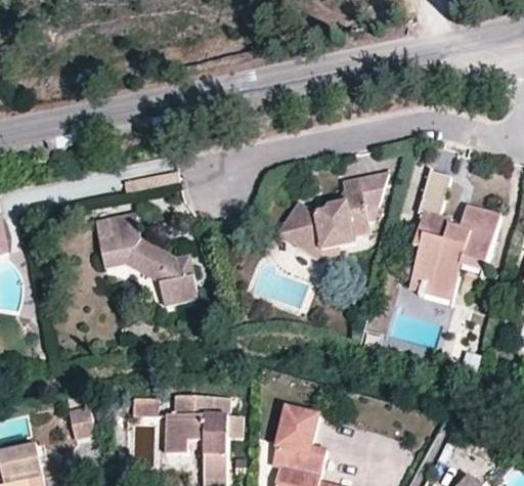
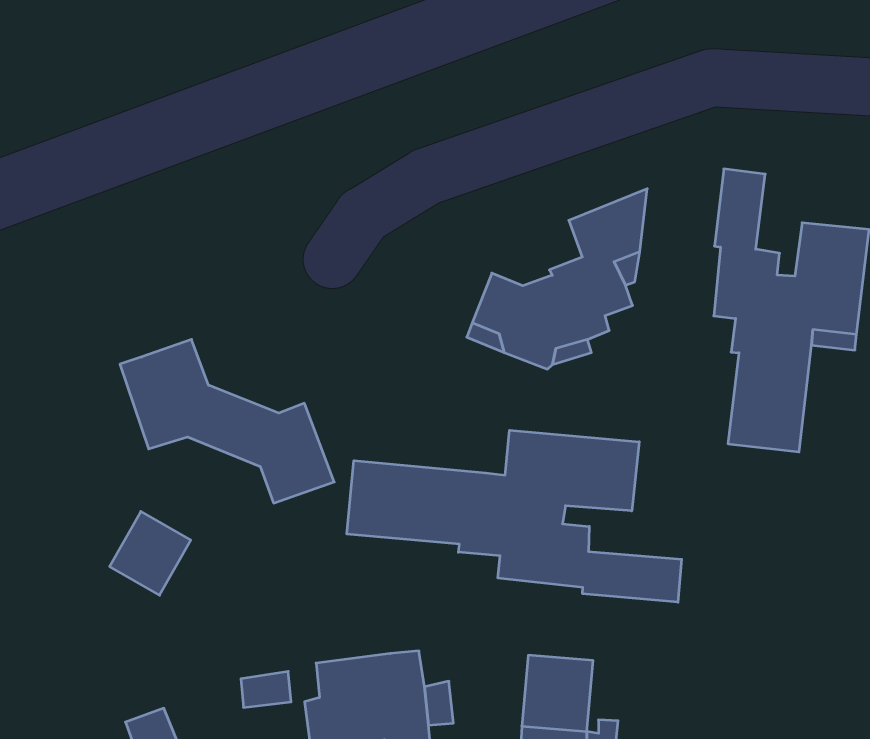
building: none -> [347,430,682,602]
building: none -> [110,511,191,595]

